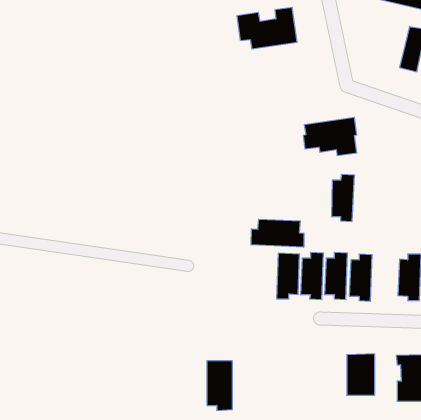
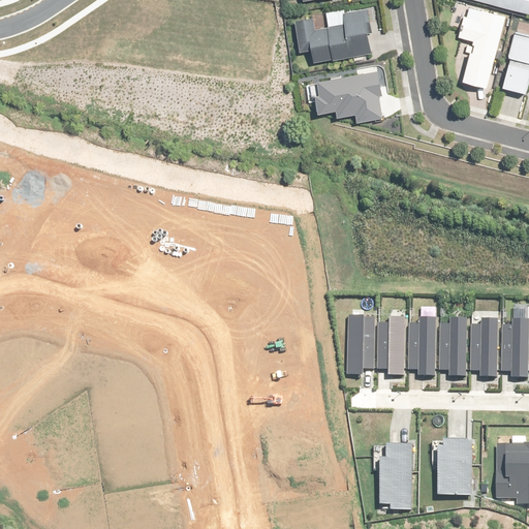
building: none -> [461,8,508,86]
building: [303,117,357,155] -> [313,72,380,120]
building: [331,174,355,222] -> [470,319,499,378]
building: [251,219,304,247] -> none
building: [207,361,232,410] -> [377,446,409,508]

